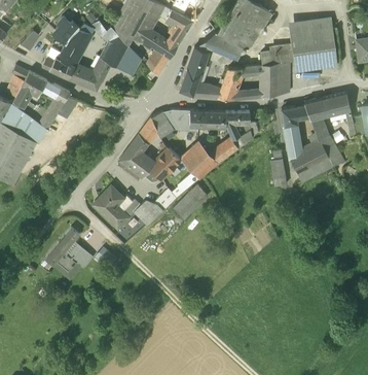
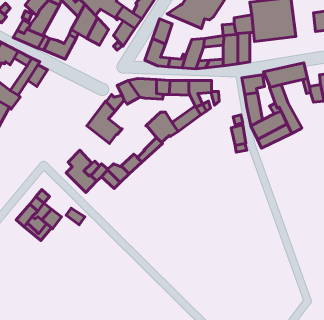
building: [150,148,181,180] -> none
building: [173,184,208,218] -> none

